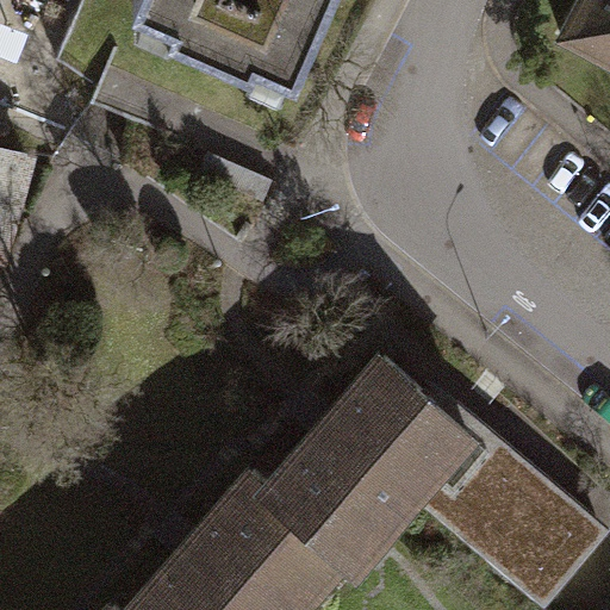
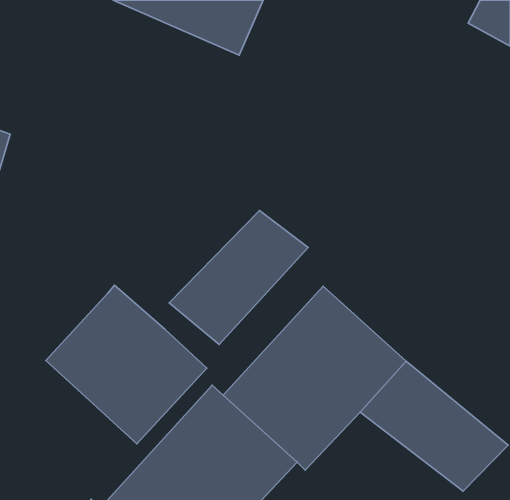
building: none -> [169,210,308,345]
building: none -> [46,285,207,444]

